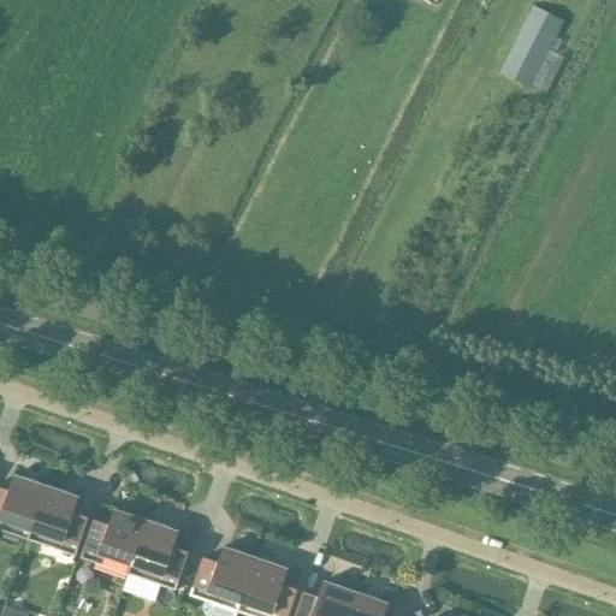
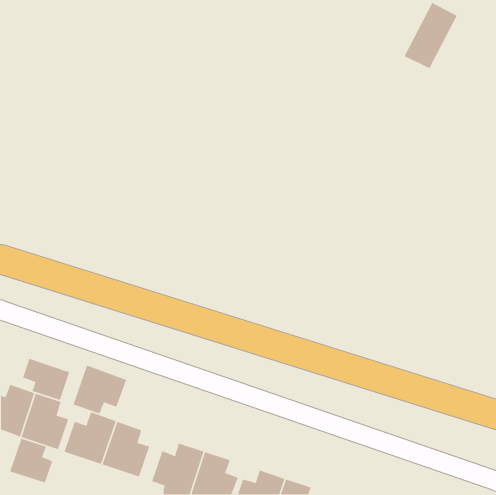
building: none -> [22,358,70,401]
building: none -> [73,365,127,414]
building: none -> [9,438,53,484]

